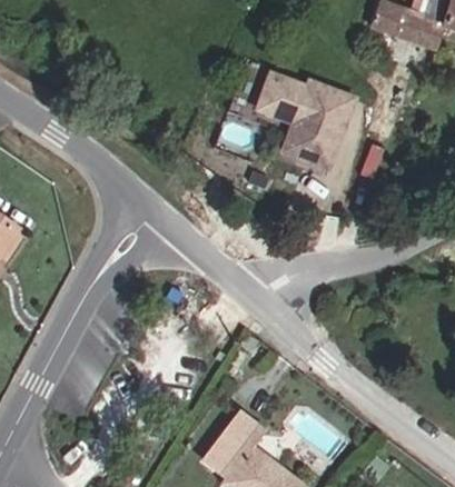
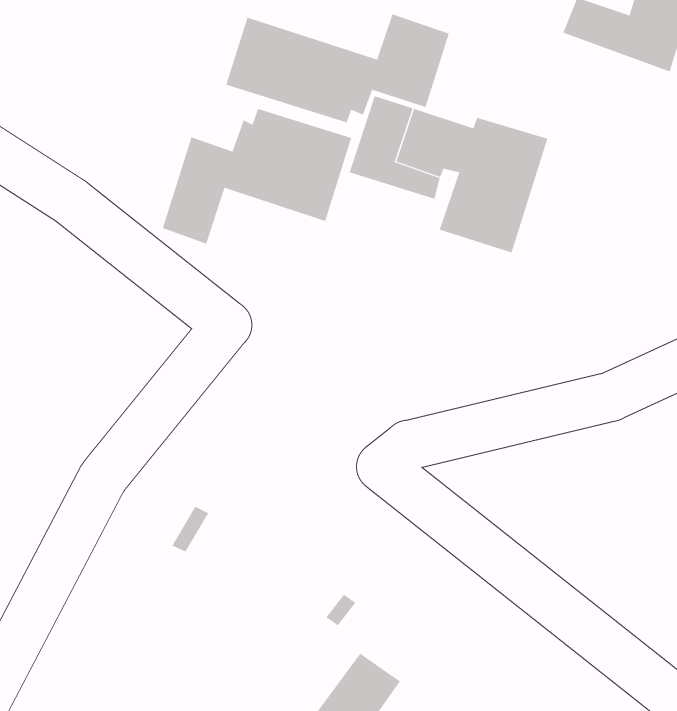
building: none -> [226,14,450,123]
building: none -> [162,108,352,245]

